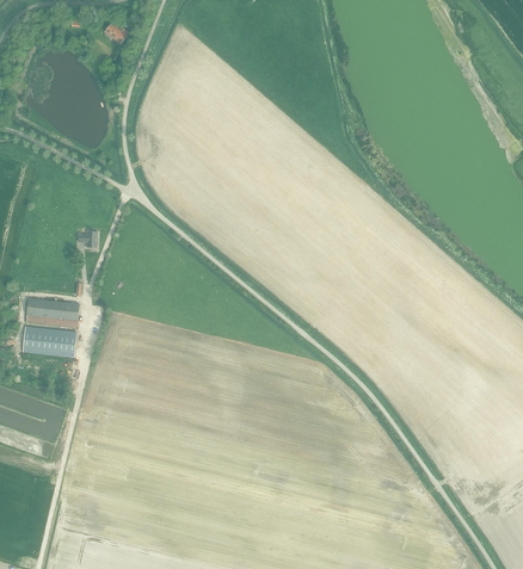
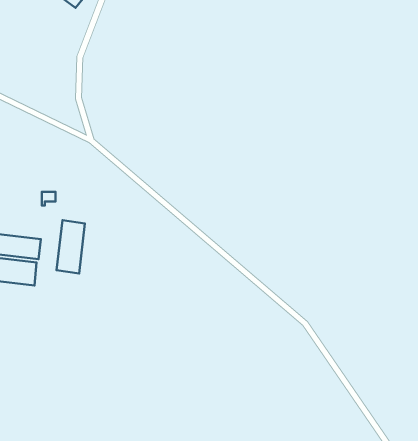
building: none -> [57,220,85,273]

